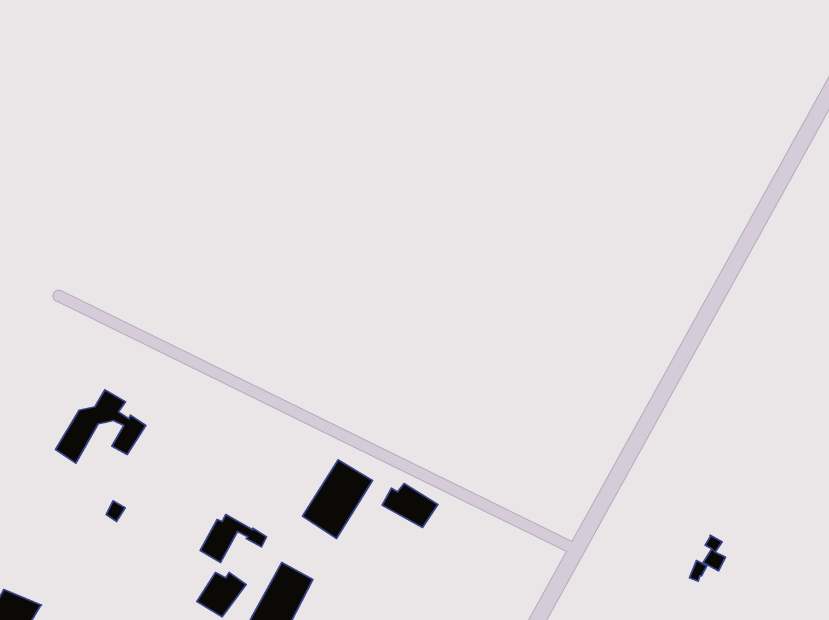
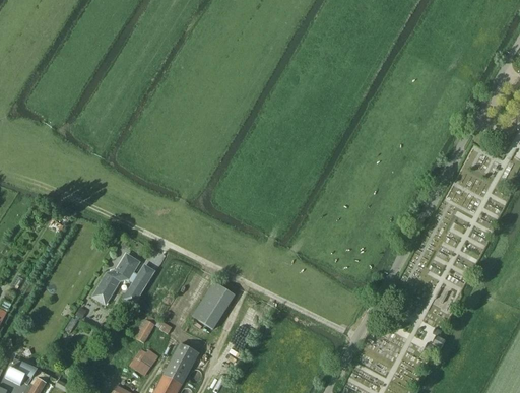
building: [55,390,146,463] -> [93,260,147,304]
building: [382,484,438,527] -> none

